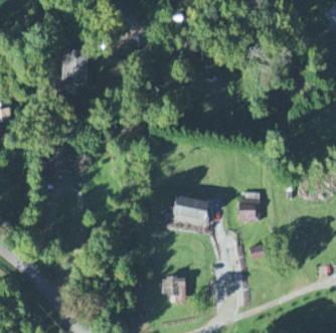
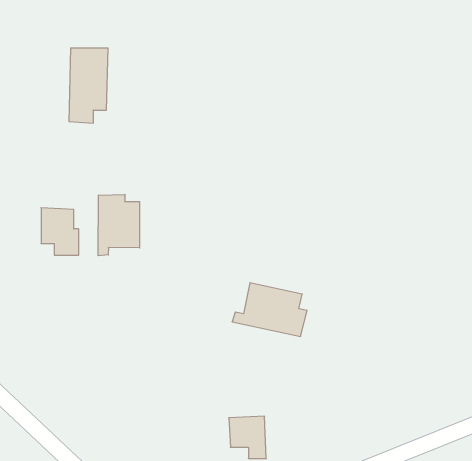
building: none -> [98,194,140,256]
building: [238,192,261,221] -> none

